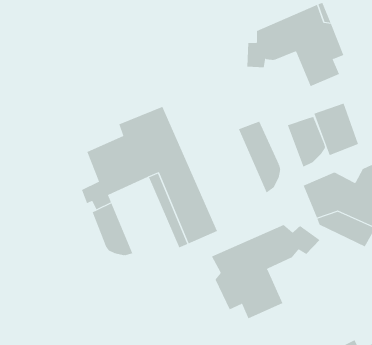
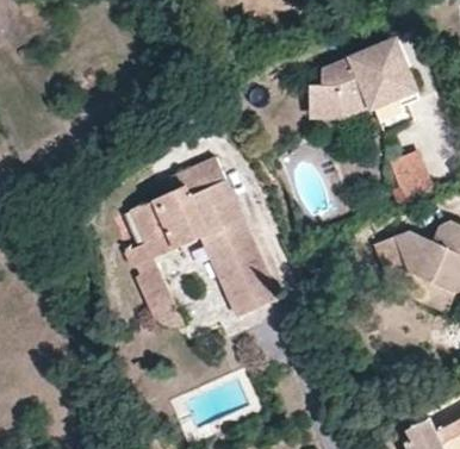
building: [287,116,325,168] -> none
building: [238,121,281,193] -> none
building: [211,224,320,319] -> none

